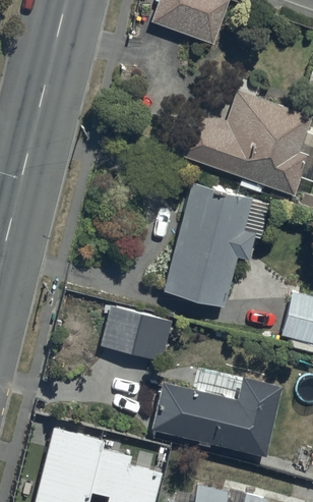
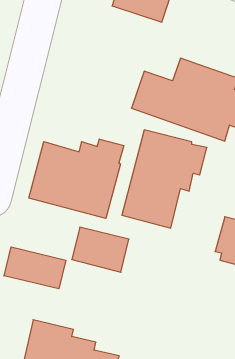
building: none -> [29,139,124,218]
building: none -> [4,247,66,289]
building: [150,376,281,454] -> none

